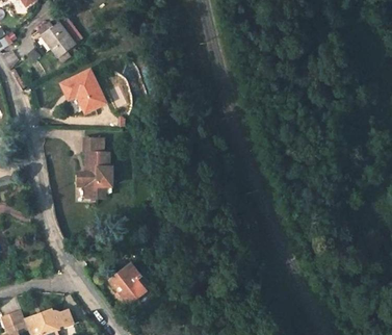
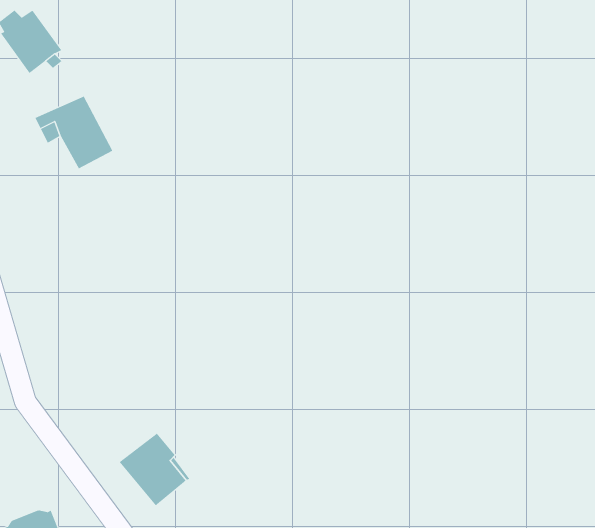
building: [79,139,110,197] -> none

